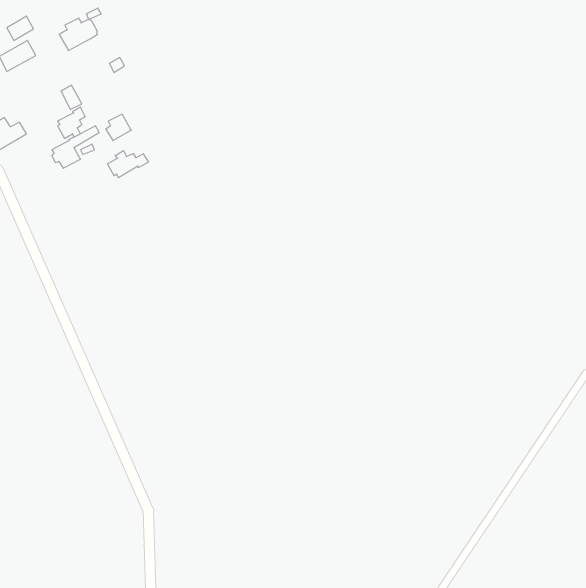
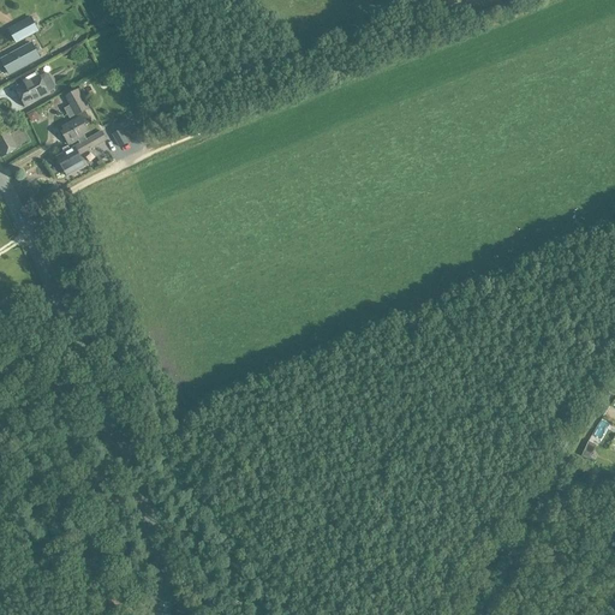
building: [59,18,97,51] -> [13,71,53,105]
building: [107,151,148,178] -> none

